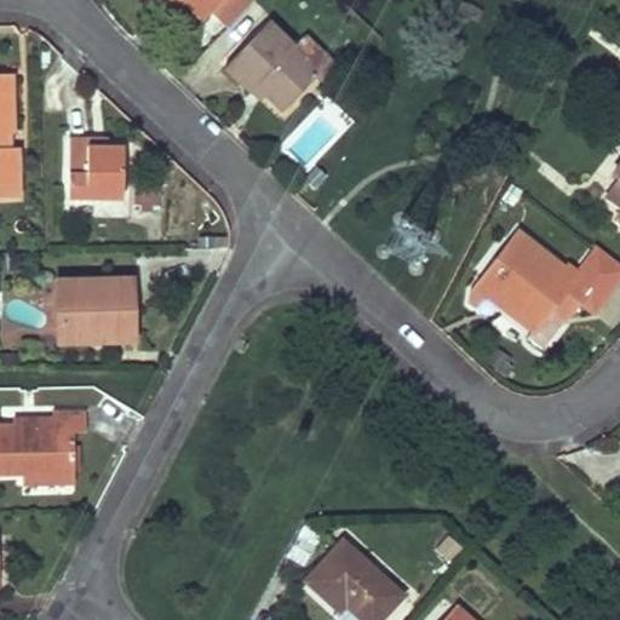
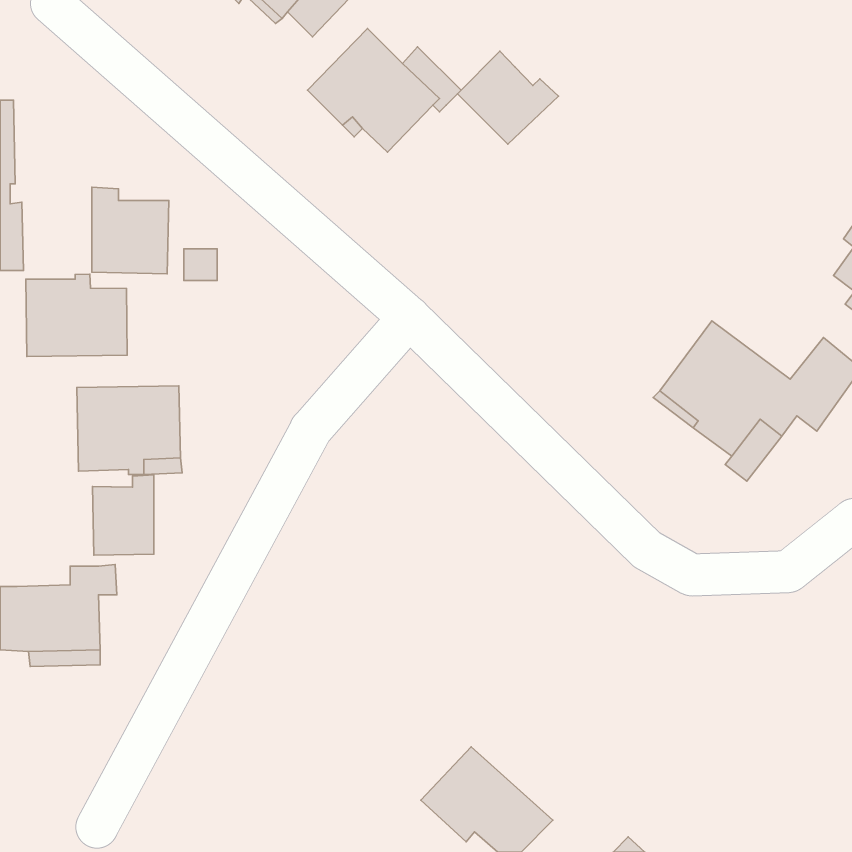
building: none -> [457,51,558,144]
building: none -> [26,274,127,357]
building: none -> [93,475,154,555]

